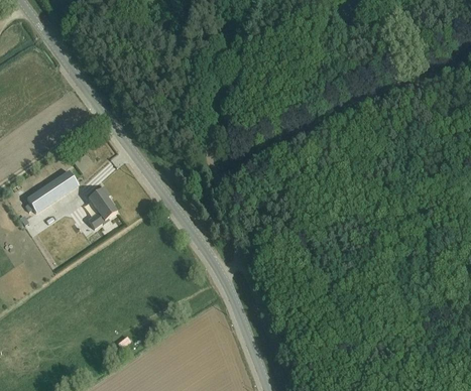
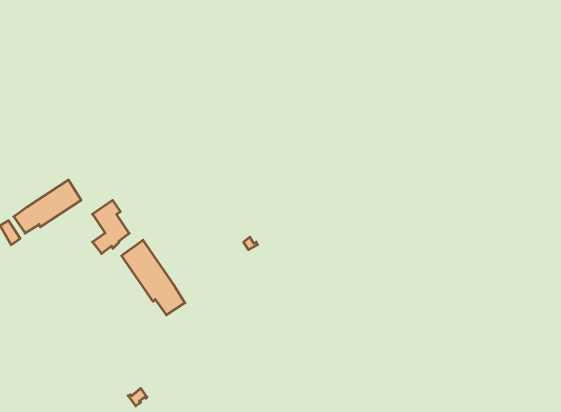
building: none -> [122,240,185,315]

